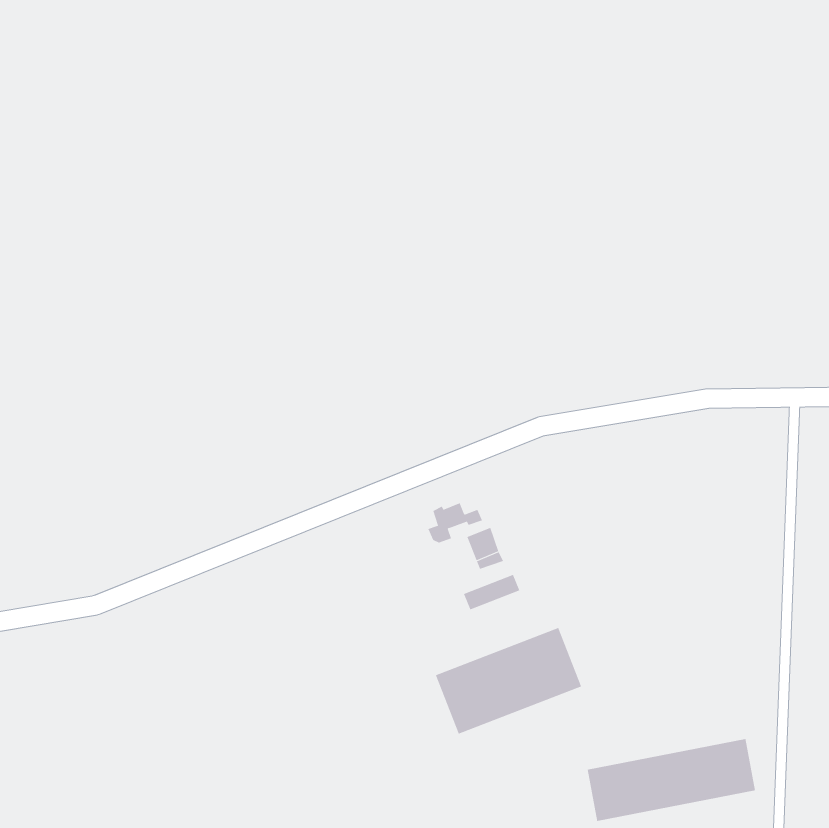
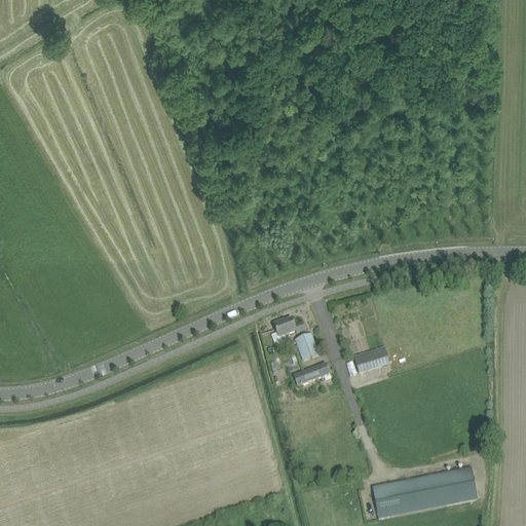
building: none -> [353,346,389,372]
building: [435,627,582,735] -> none

